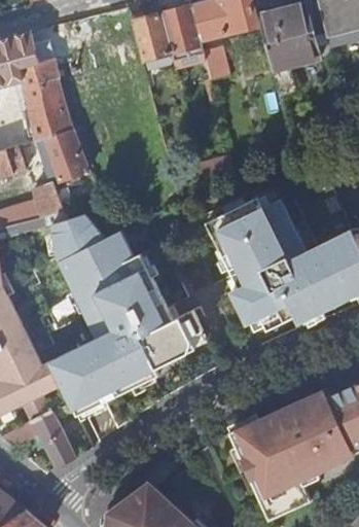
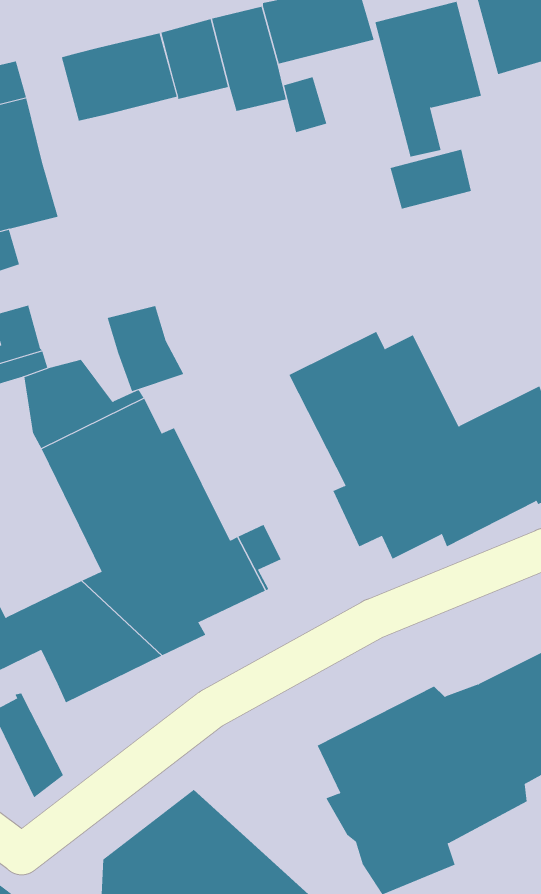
building: none -> [61,32,177,121]
building: none -> [390,149,471,209]
building: [43,129,88,179] -> [107,306,184,392]

